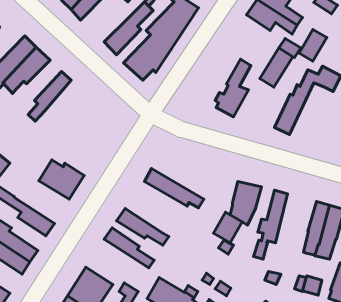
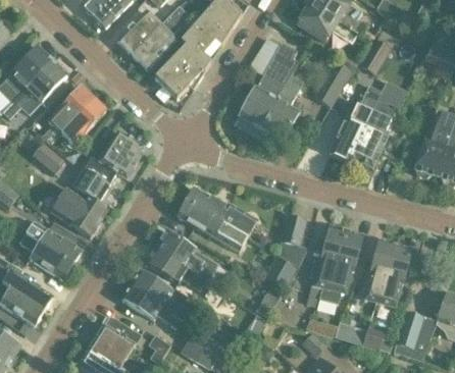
building: none -> [116,10,159,53]
building: none -> [238,42,297,129]
building: none -> [61,98,105,141]
building: none -> [347,101,390,167]
building: none -> [72,130,144,202]
building: none -> [32,143,64,174]
building: none -> [186,188,257,236]
building: none -> [26,224,81,265]
building: none -> [155,230,206,276]
building: none -> [318,230,362,304]
building: none -> [121,283,183,327]

